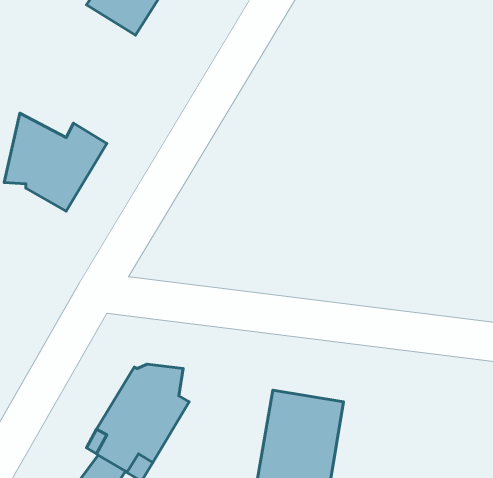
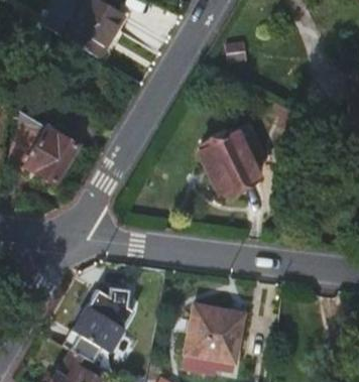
building: none -> [201,131,267,195]

